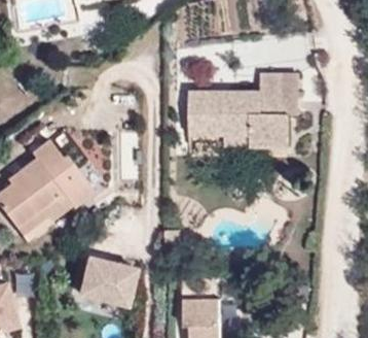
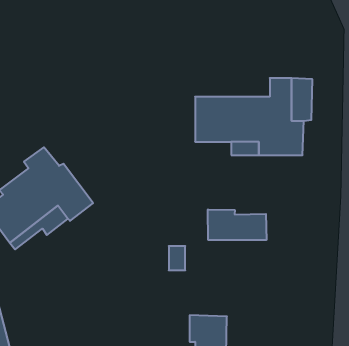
building: none -> [208,209,266,240]
building: [78,259,134,307] -> none

